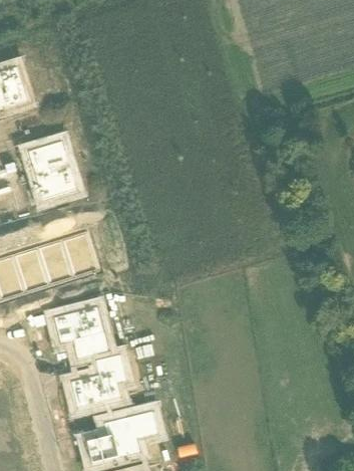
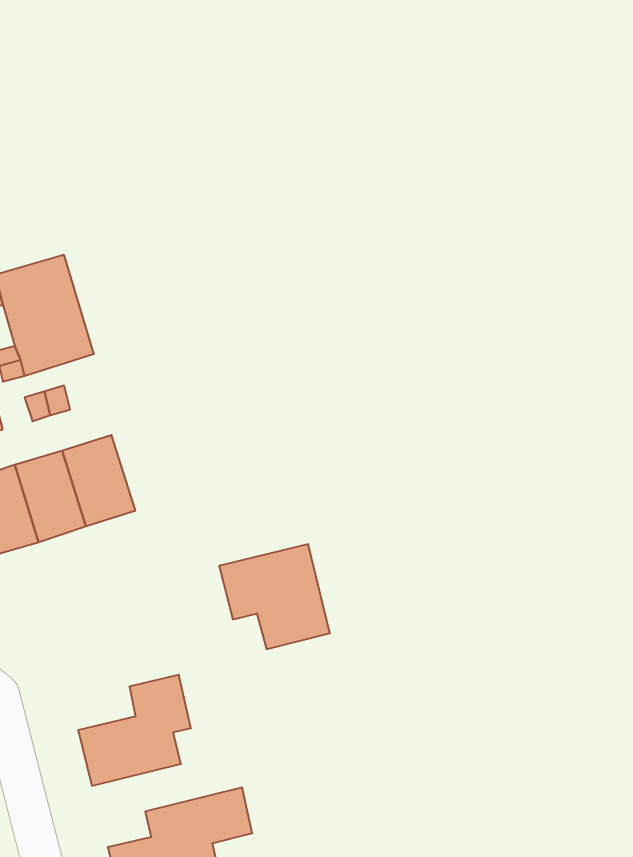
building: [52,305,108,359] -> [219,544,330,649]

